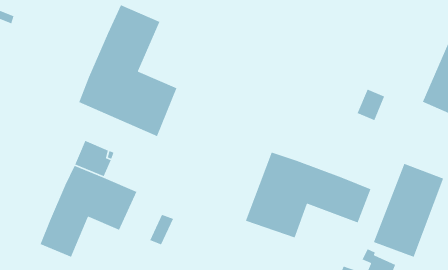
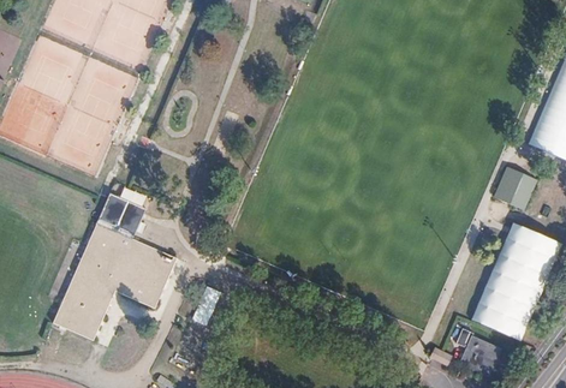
building: [78,4,178,137] -> none
building: [357,89,385,121] -> [500,169,536,210]
building: [245,151,371,239] -> none

